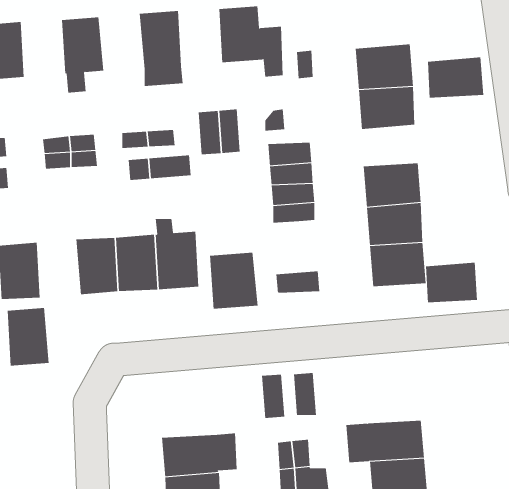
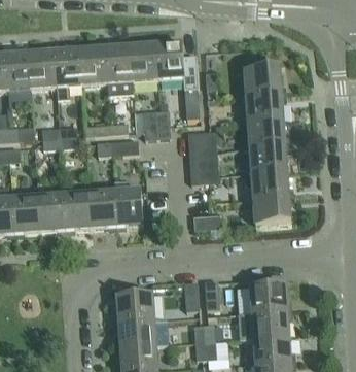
building: none -> [130,43,157,80]
building: none -> [78,46,107,83]
building: none -> [28,50,56,88]
building: [427,57,484,98] -> [248,119,285,145]
building: [209,252,258,309] -> none
building: [425,262,477,303] -> none
building: [7,307,50,366] -> [38,193,66,231]
building: none -> [250,283,287,312]
building: none -> [116,292,154,322]

